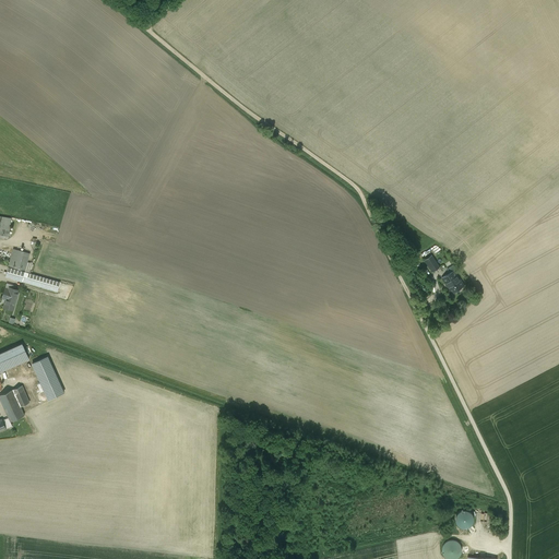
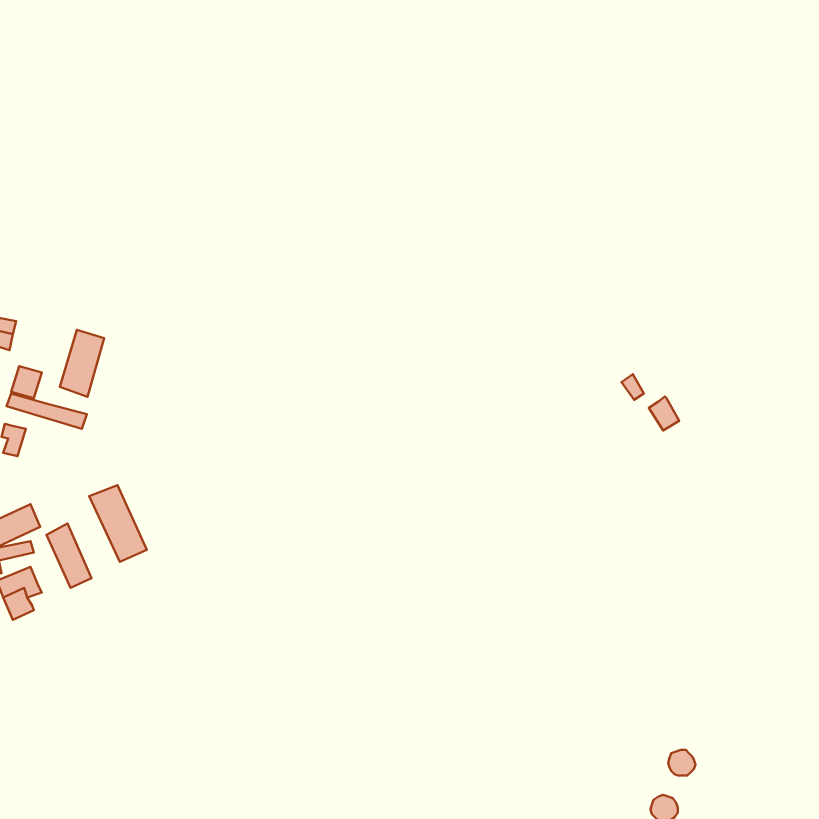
building: none -> [60,330,104,397]
building: none -> [89,485,147,562]

